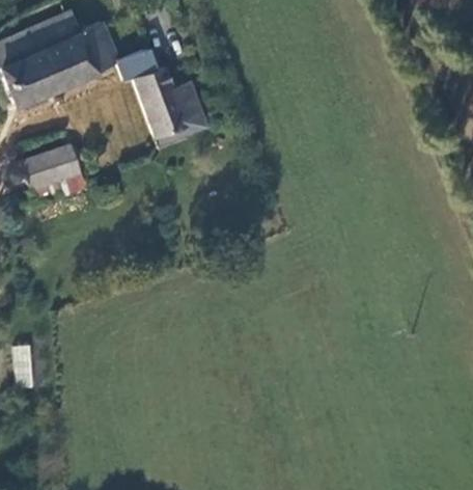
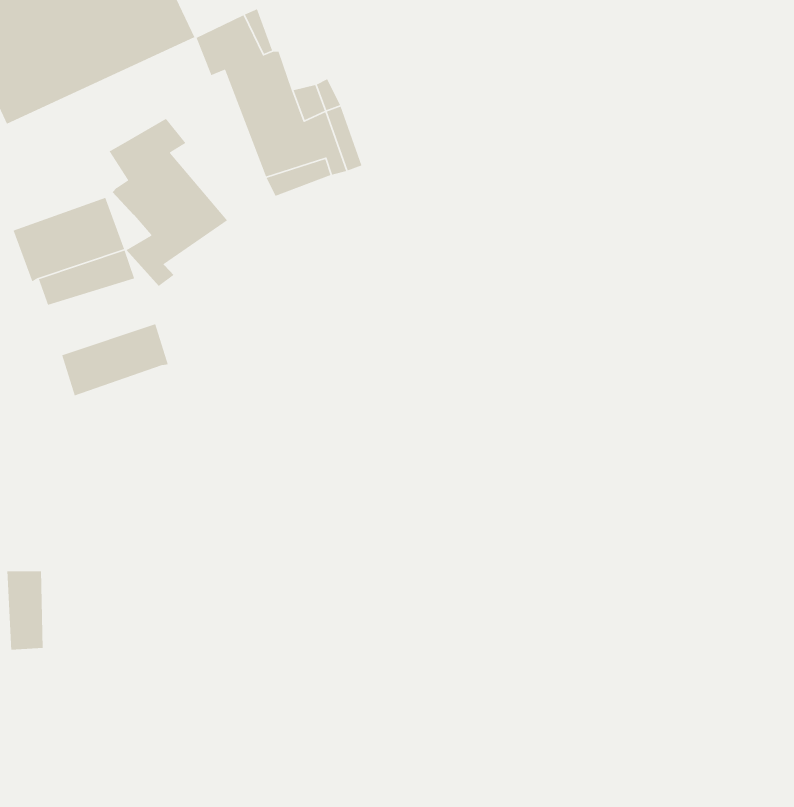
building: none -> [109,118,228,287]
building: none -> [61,323,169,396]

